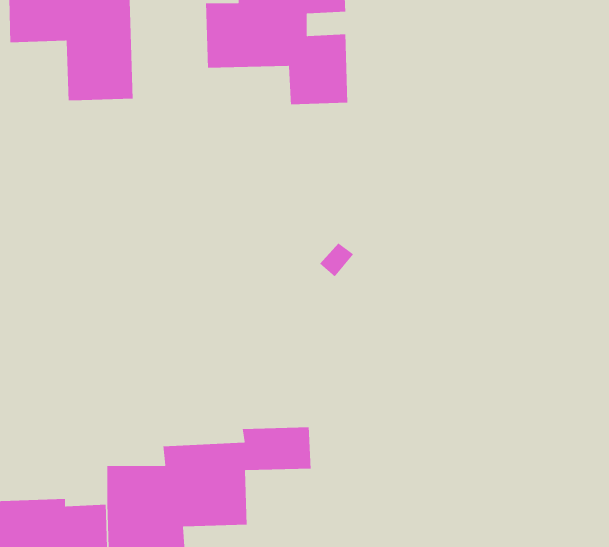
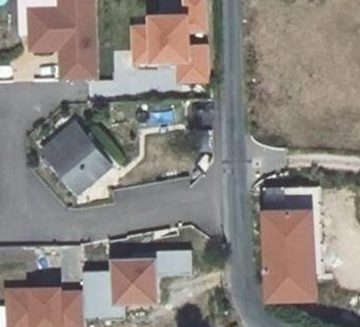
building: none -> [43,124,105,188]
building: none -> [265,209,316,298]

